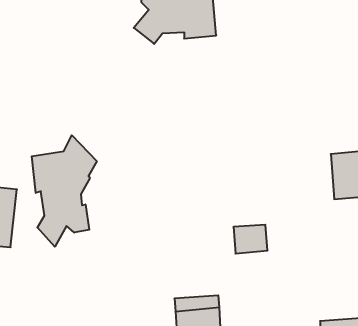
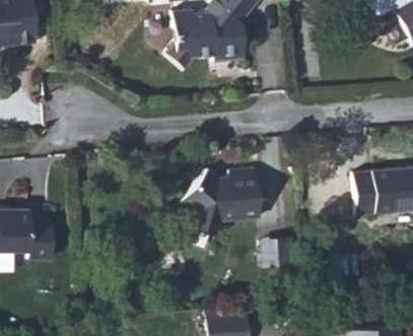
building: [32,135,97,247] -> none
building: none -> [181,167,261,234]

